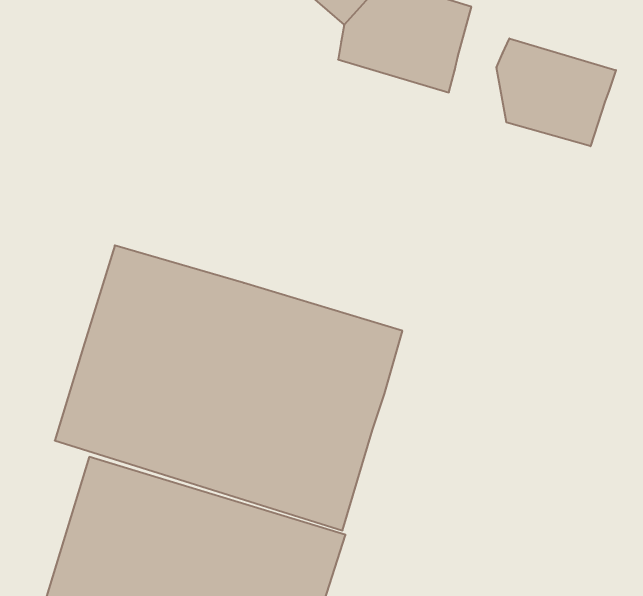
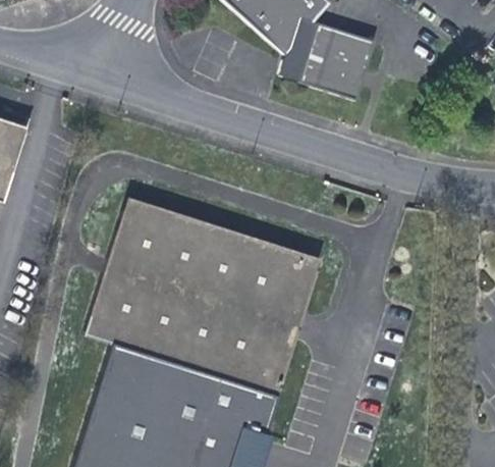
building: [497,38,616,146] -> none

